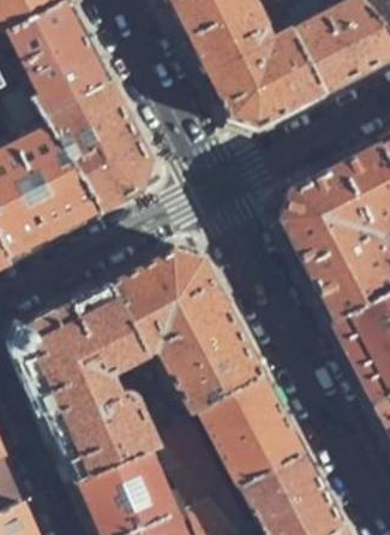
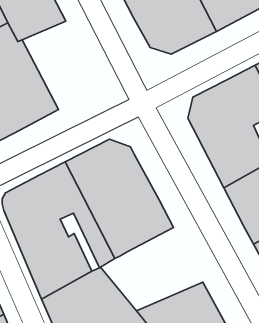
building: [47,81,150,207] -> none
building: [158,375,305,494] -> none

